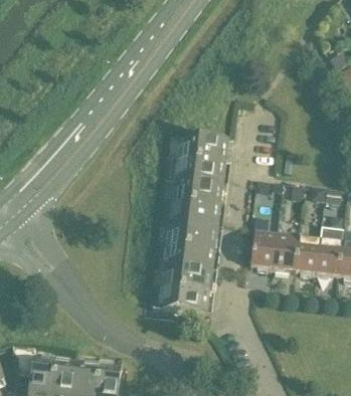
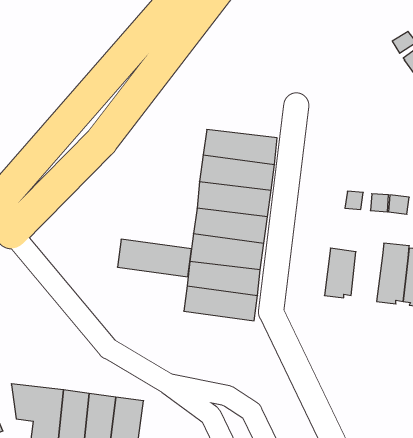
building: [250,230,278,271] -> none
building: [295,235,321,276] -> none
building: [153,284,214,316] -> [117,239,191,277]

